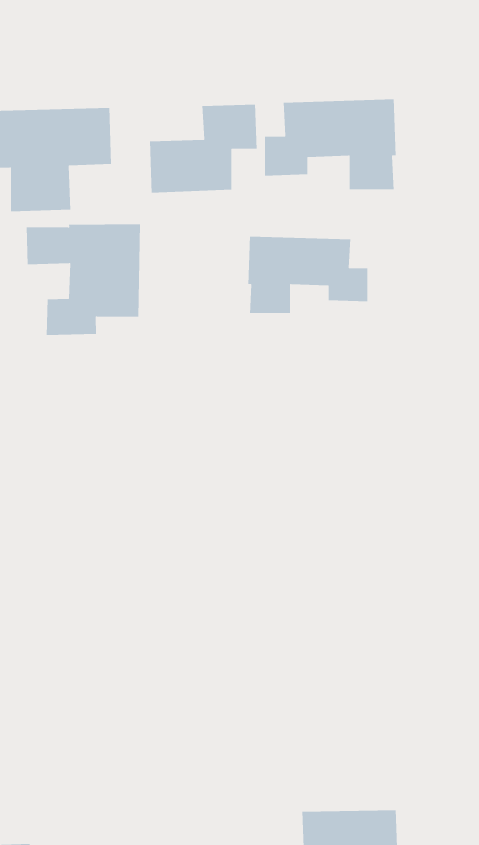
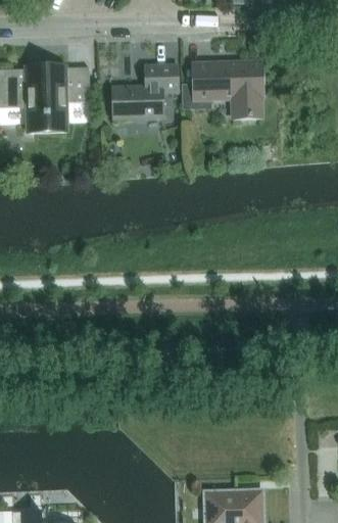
building: [26,223,141,336] -> none
building: [247,236,368,314] -> none

